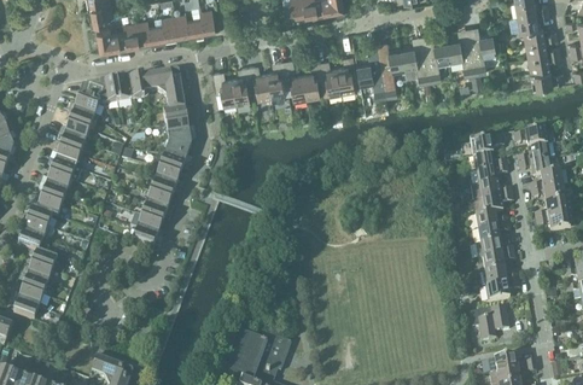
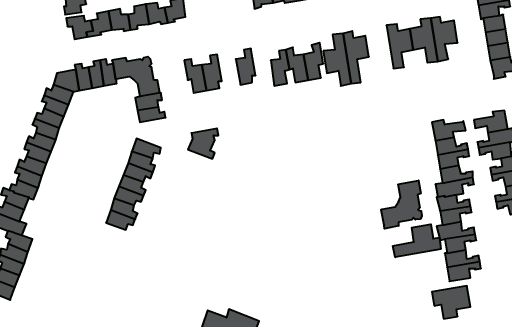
building: [401,35,430,82] -> none
building: [282,58,307,100] -> none
building: [247,64,272,99] -> none
building: [164,130,196,162] -> [188,128,218,159]
building: none -> [381,180,422,229]
building: none -> [393,224,441,257]

